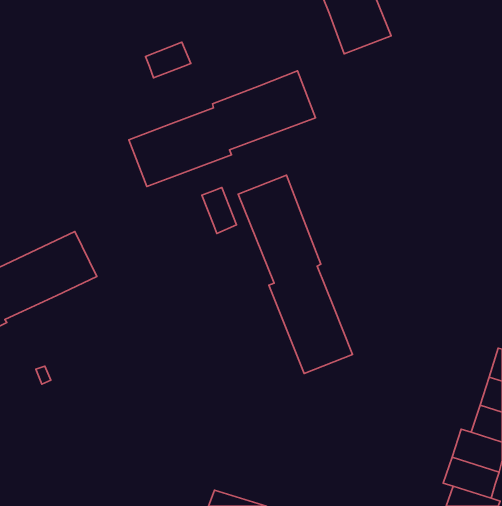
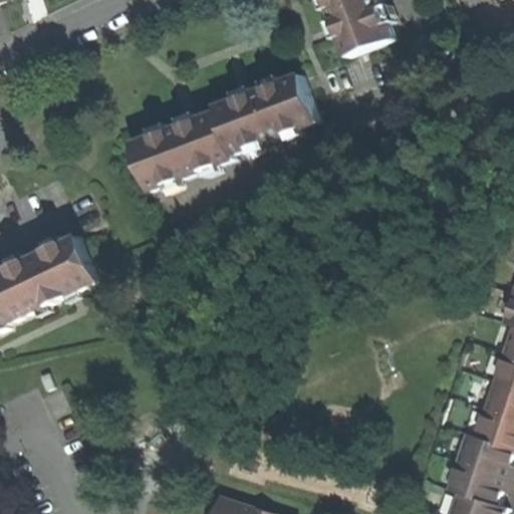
building: [145,42,191,78] -> none
building: [238,175,352,373] -> none
building: [202,187,237,233] -> none

